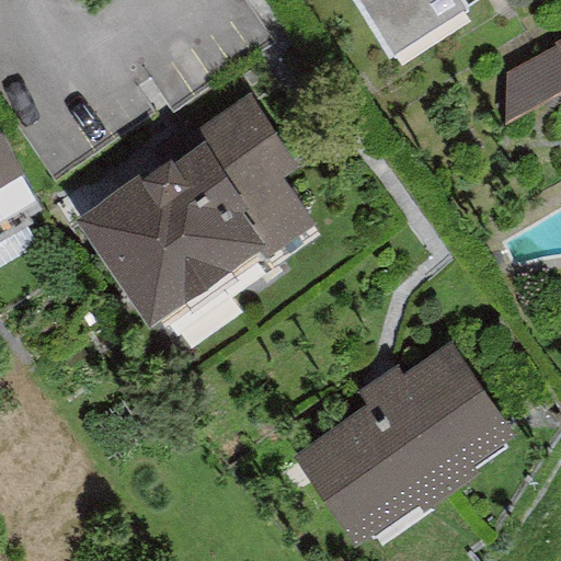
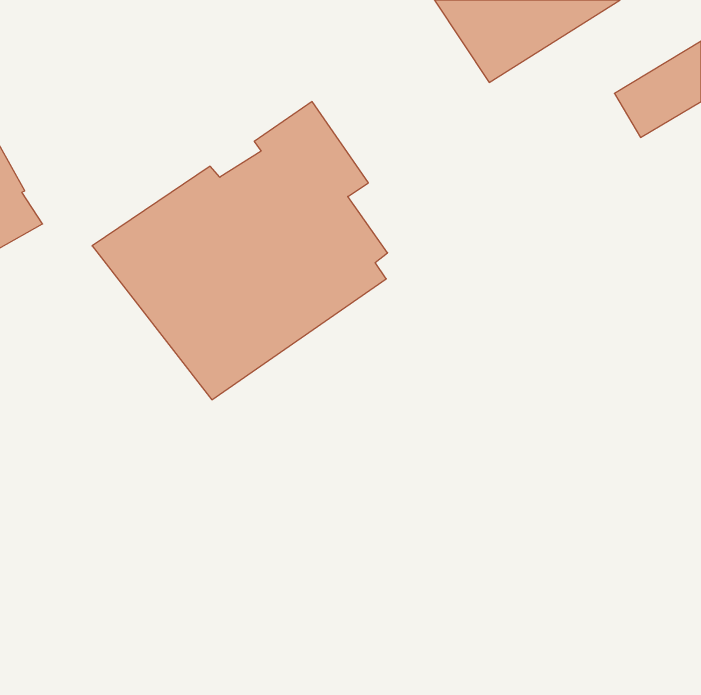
building: [290,344,514,546] -> none

